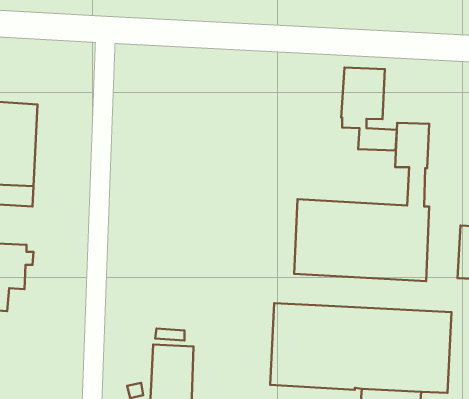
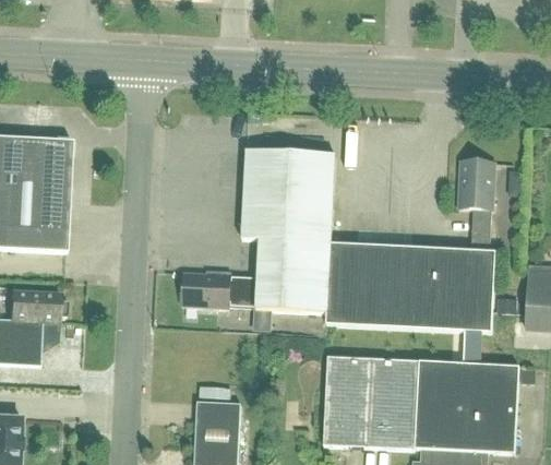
building: [341,67,397,151] -> none
building: none -> [182,148,352,324]

